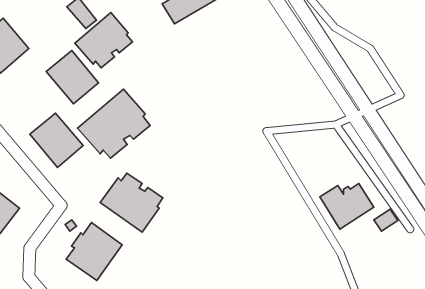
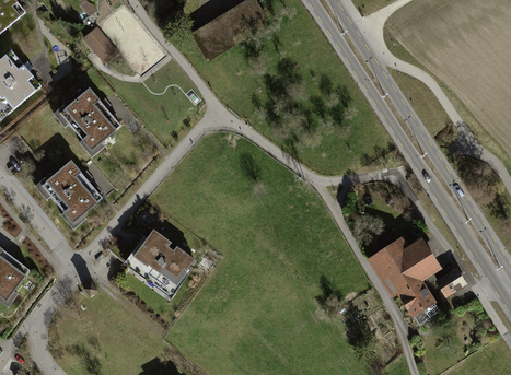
building: [75,13,132,68] -> none
building: [77,89,150,158] -> none
building: none -> [398,279,440,324]
building: [66,222,122,280] -> none

